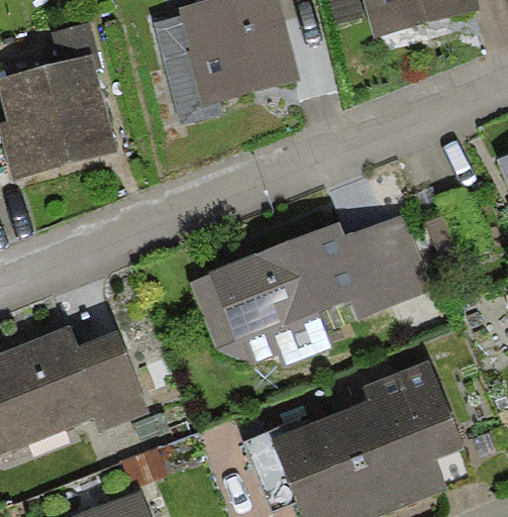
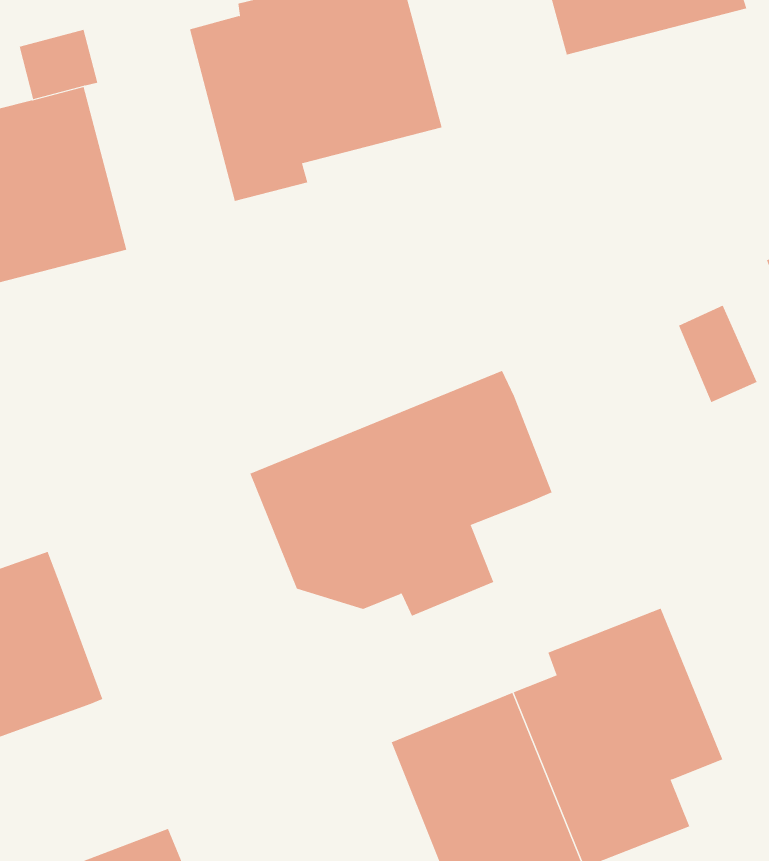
building: [343,214,431,316] -> none
building: [78,333,148,429] -> none

